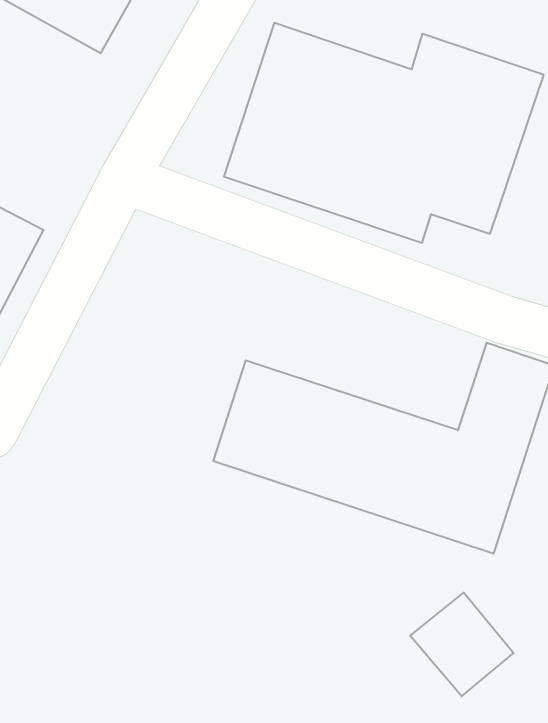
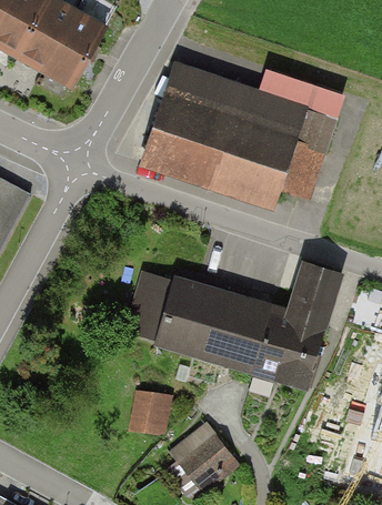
building: none -> [133,392,170,431]
building: [410,593,514,696] -> [174,425,239,489]

